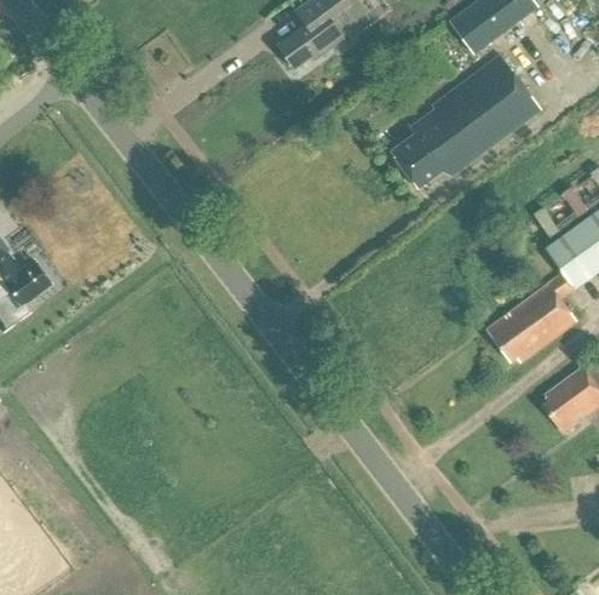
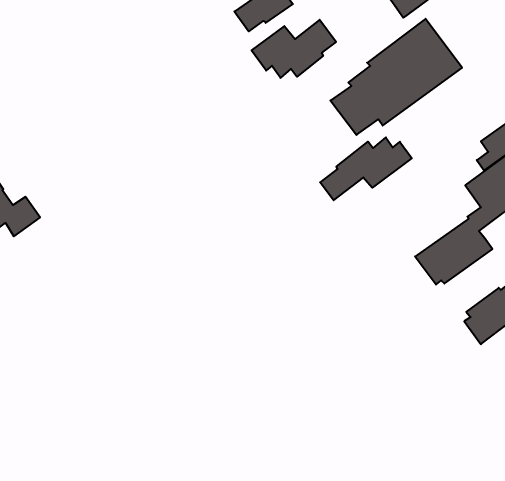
building: none -> [252,20,336,78]
building: none -> [320,137,412,200]

